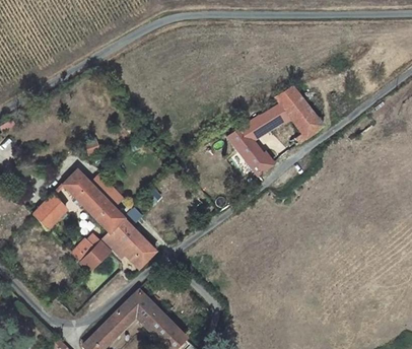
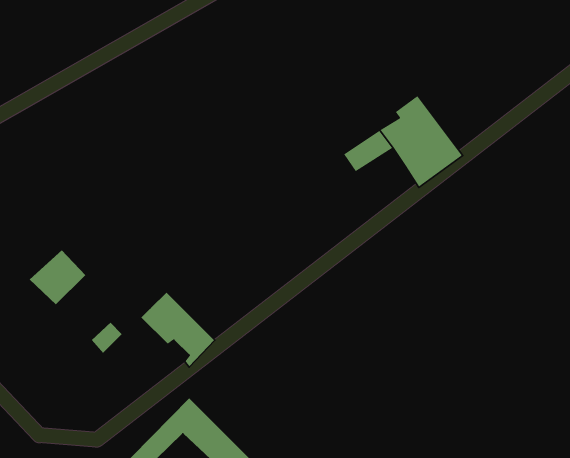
building: [228,128,271,177] -> none
building: [64,169,125,231] -> none
building: [82,239,115,272] -> none

